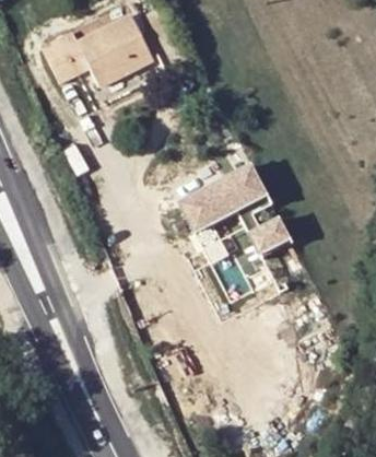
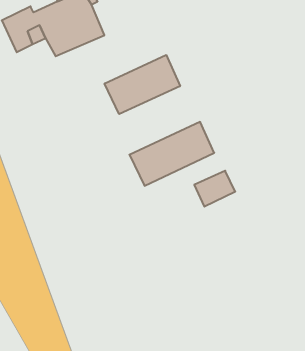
building: none -> [105,55,180,114]

